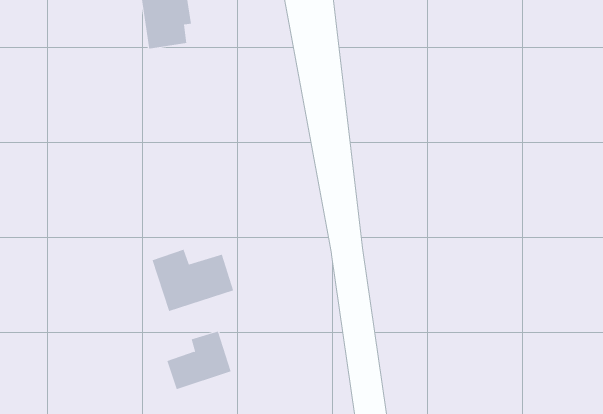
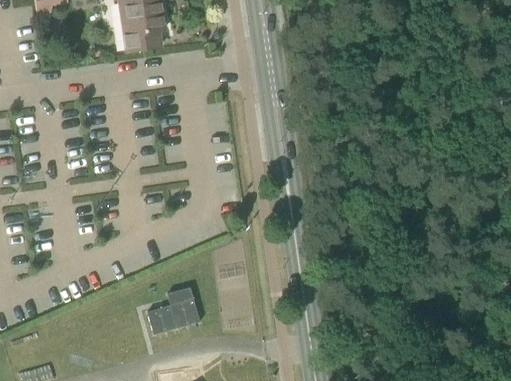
building: [152,249,234,312] -> none

